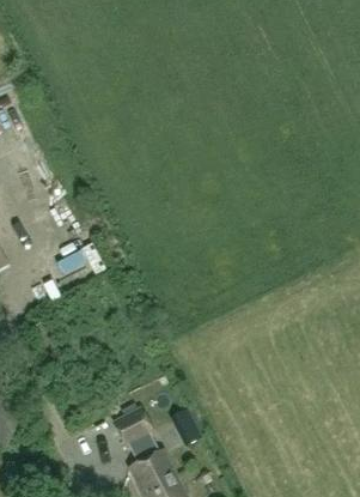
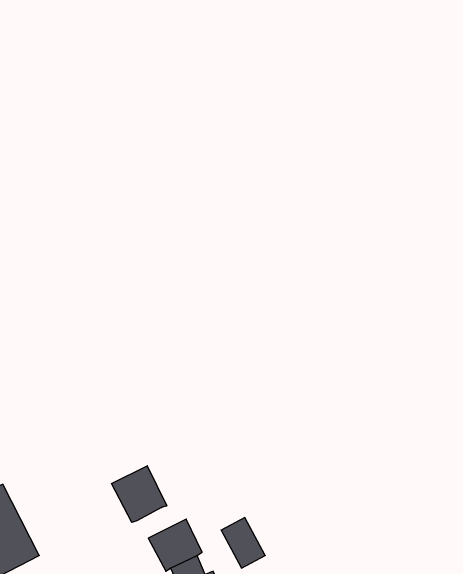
building: none -> [112,466,167,522]

